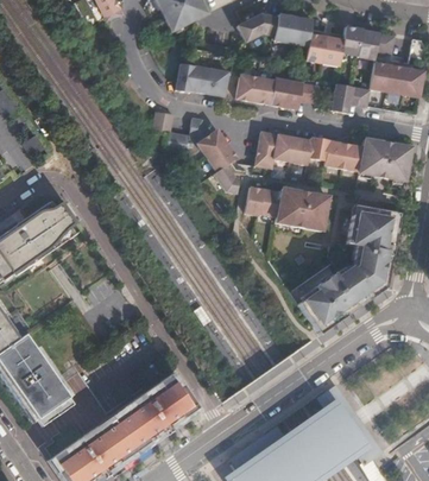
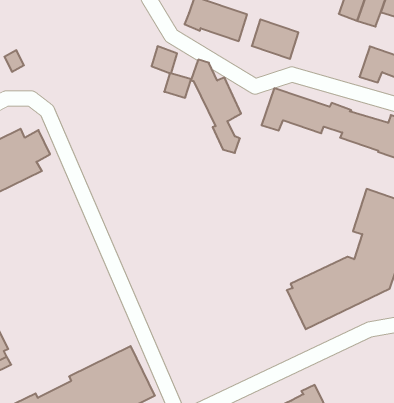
building: [270,77,318,108] -> none
building: [244,186,327,229] -> none

